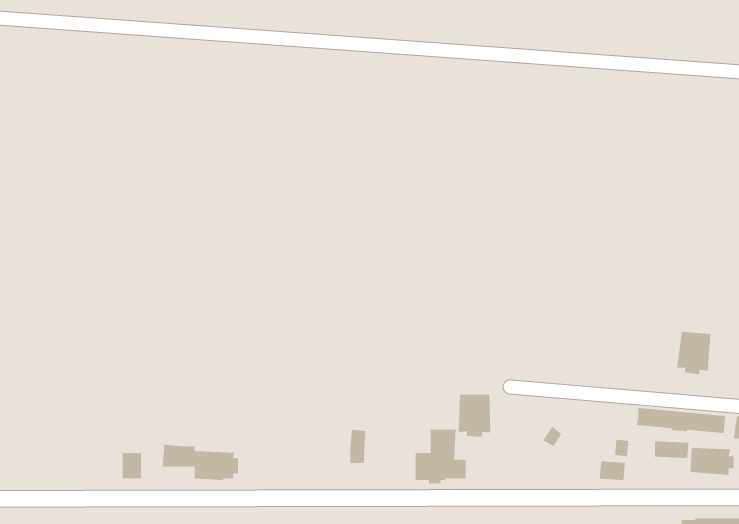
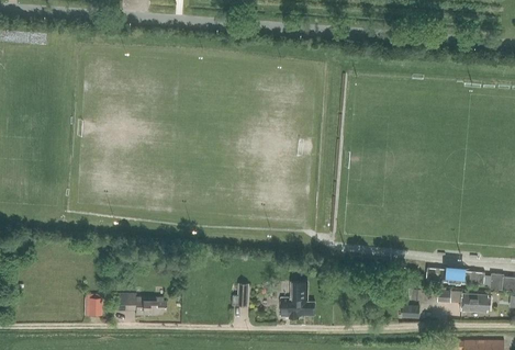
building: [676,331,711,375] -> none
building: [458,394,491,438] -> none

